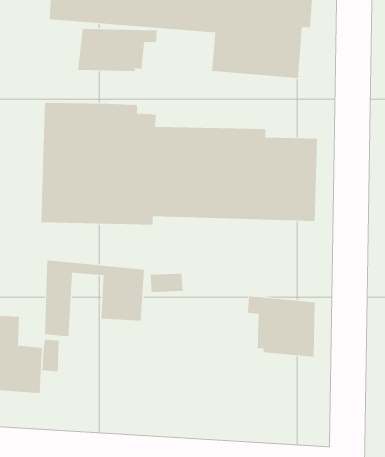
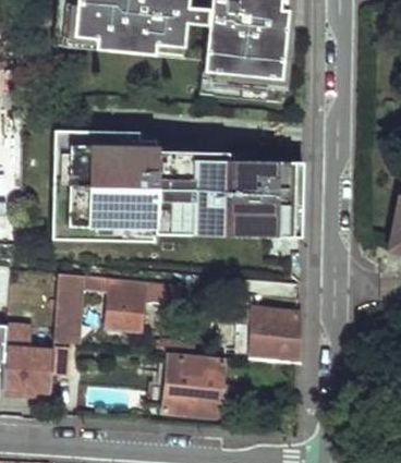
building: [78,28,157,72] -> none
building: none -> [165,355,224,414]

